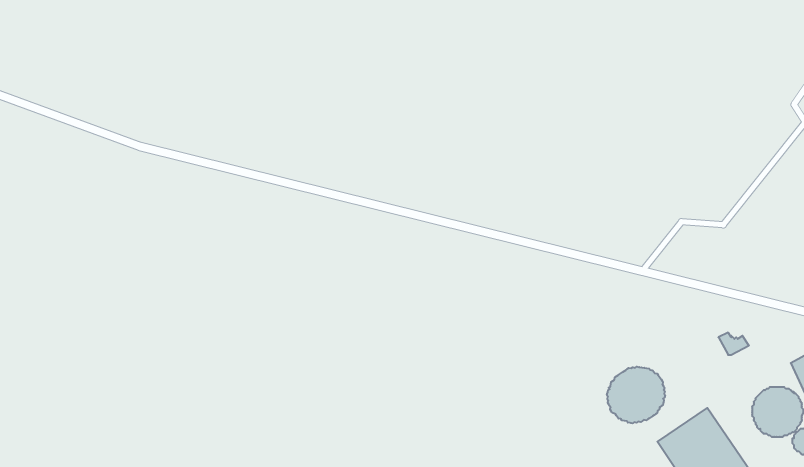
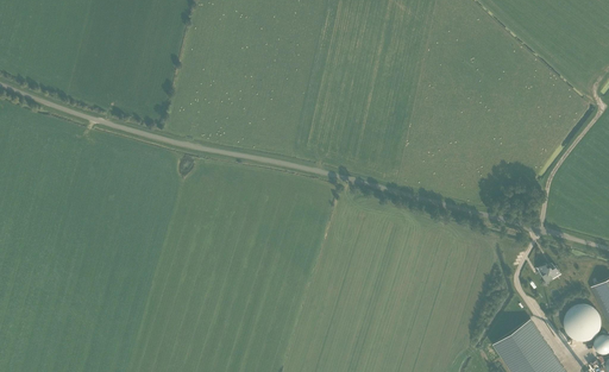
building: [607,367,665,423] -> none

